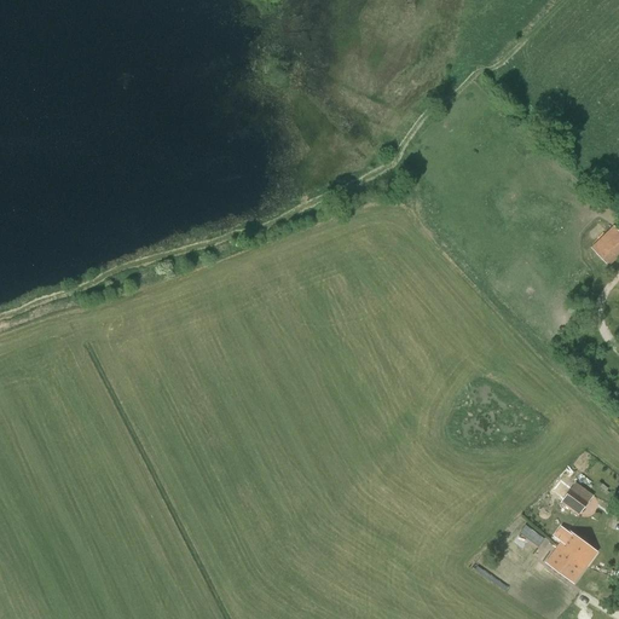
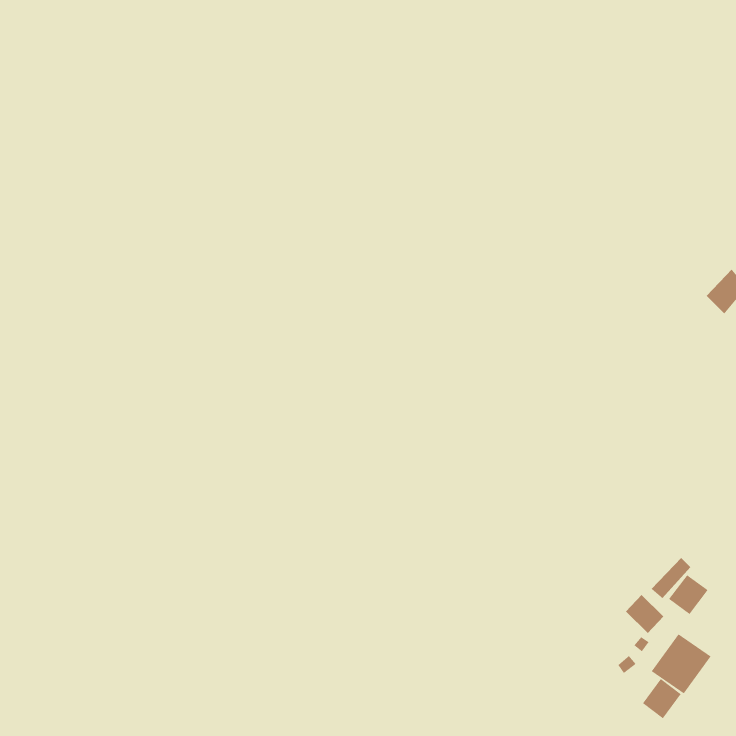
building: none -> [625,594,664,634]
building: none -> [642,678,681,719]

